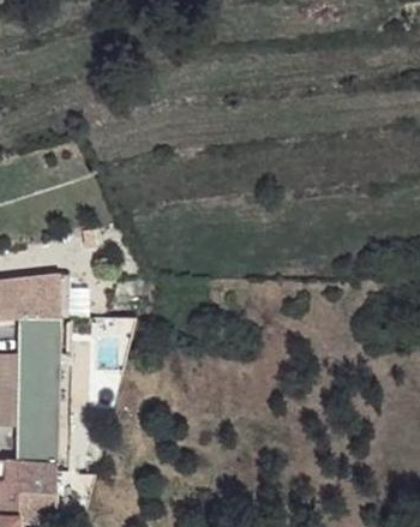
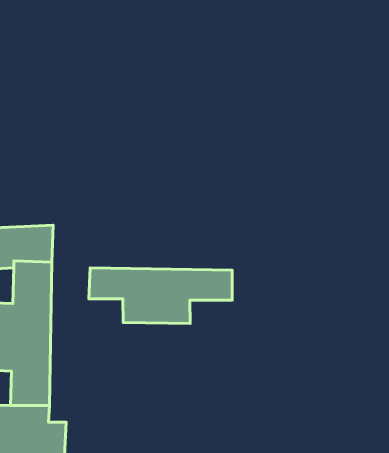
building: none -> [89,268,232,323]

